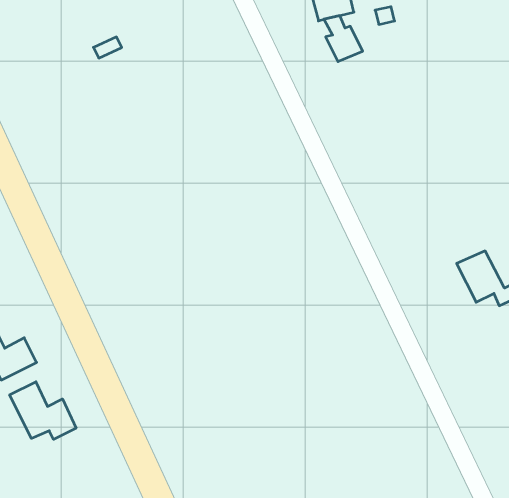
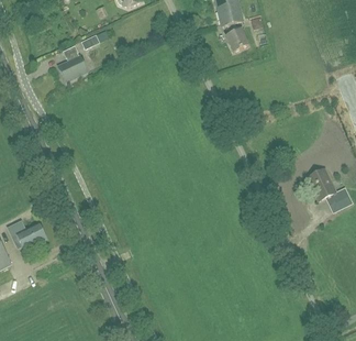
building: none -> [57,45,87,81]
building: [10,382,76,439] -> none

